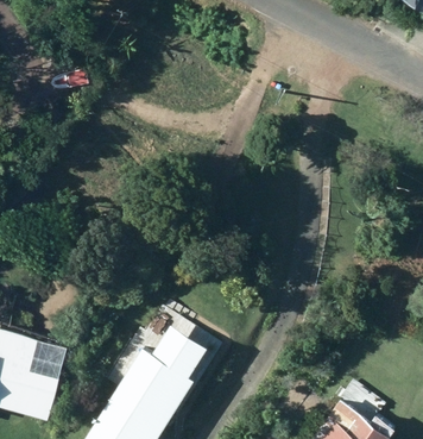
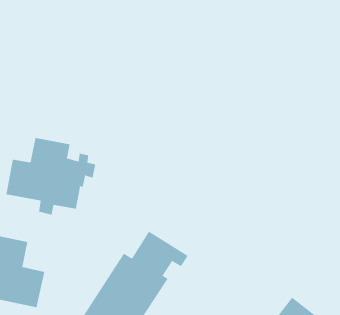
building: none -> [6,137,96,215]

